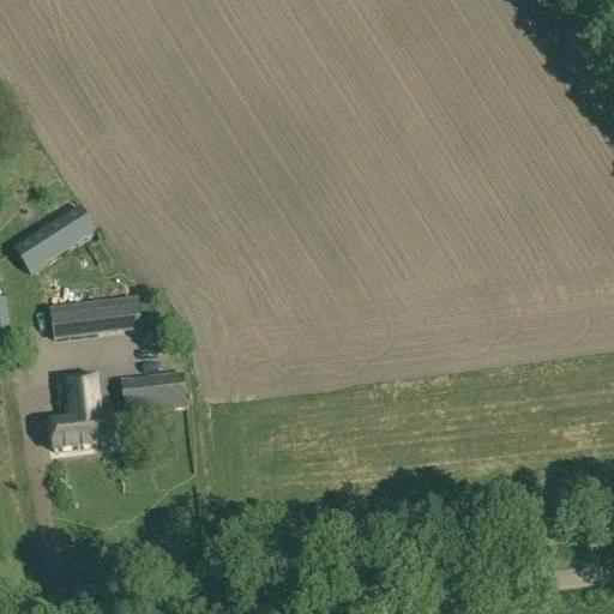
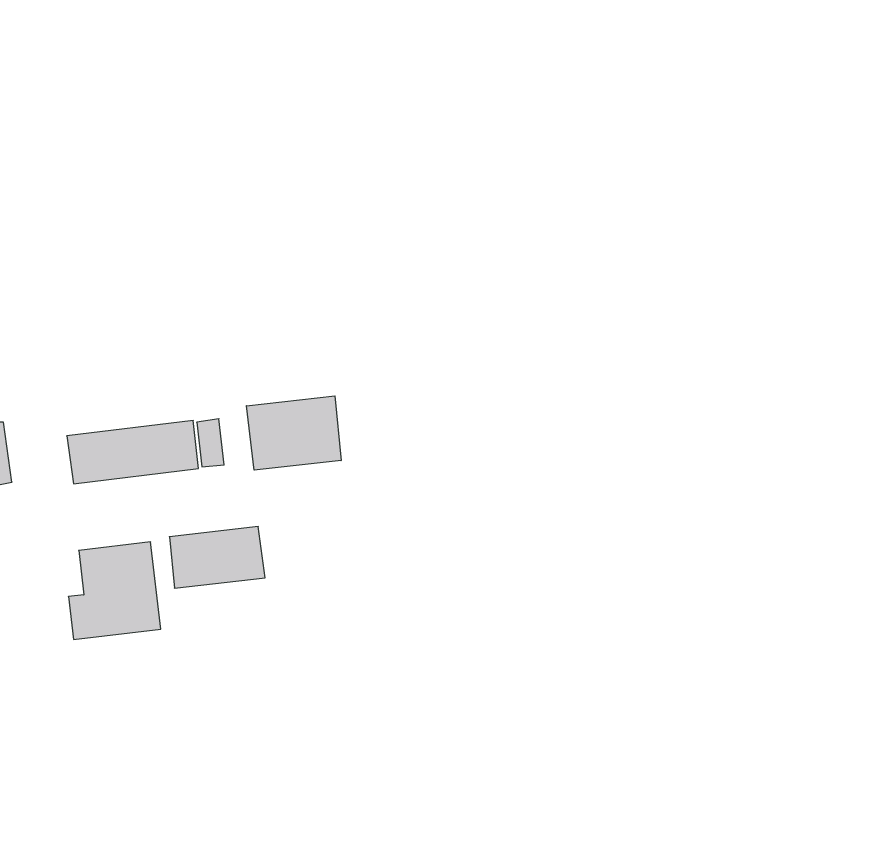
building: [11,203,95,271] -> none
building: none -> [246,396,341,470]

